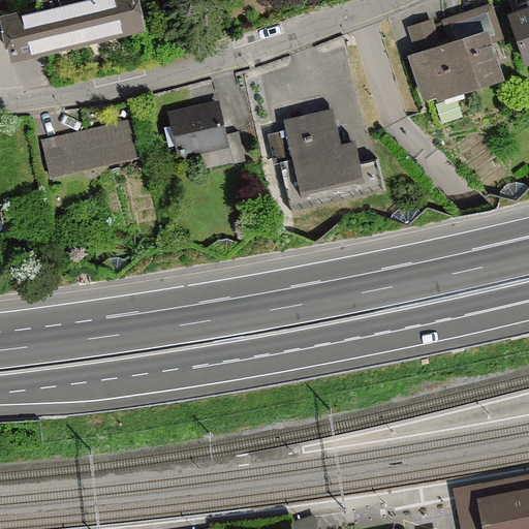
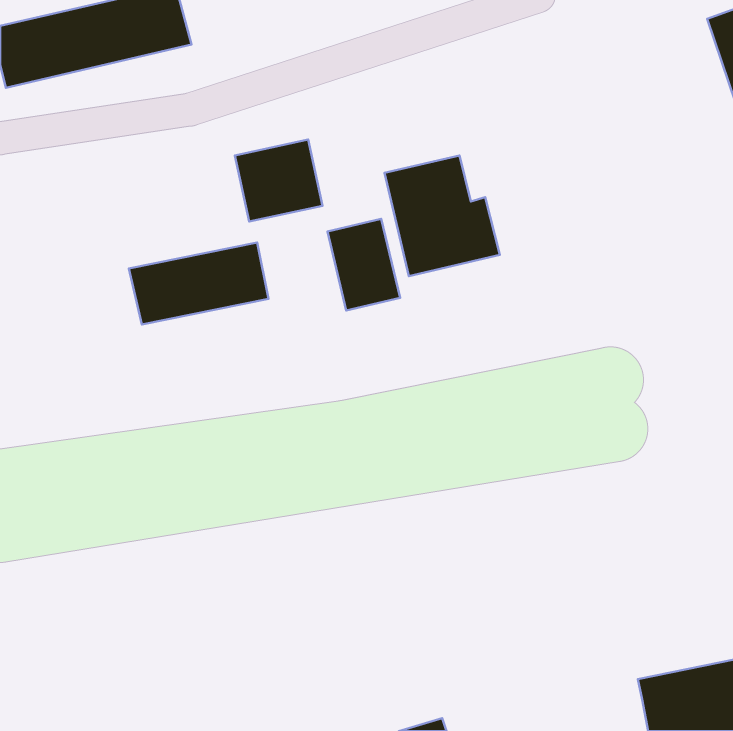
building: [406,7,504,105] -> none
building: [37,119,137,178] -> [129,243,269,325]
building: none -> [327,219,400,311]

